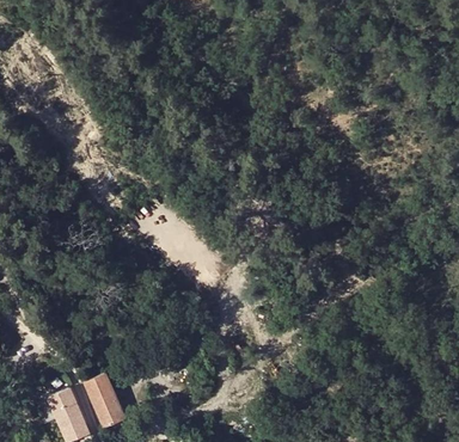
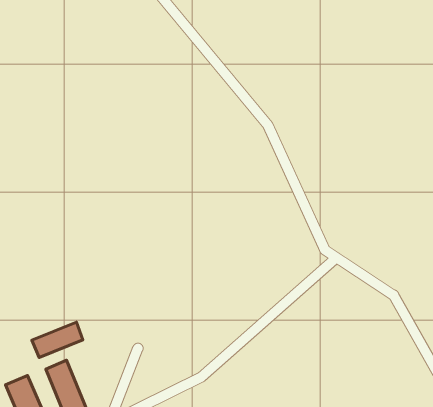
building: none -> [32,322,83,357]

